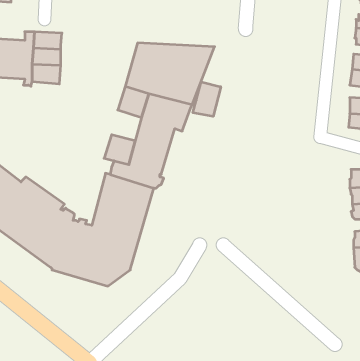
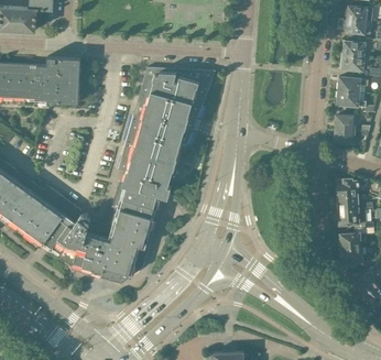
building: [193,82,221,116] -> none
building: none -> [124,126,151,153]

